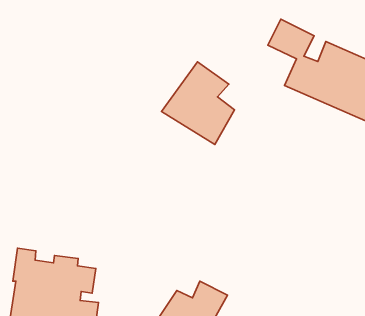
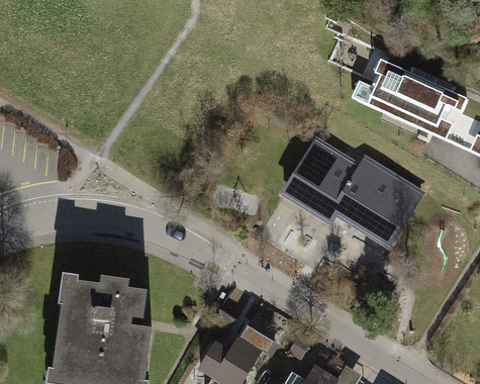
building: [161,62,235,145] -> none
building: none -> [287,137,424,242]

